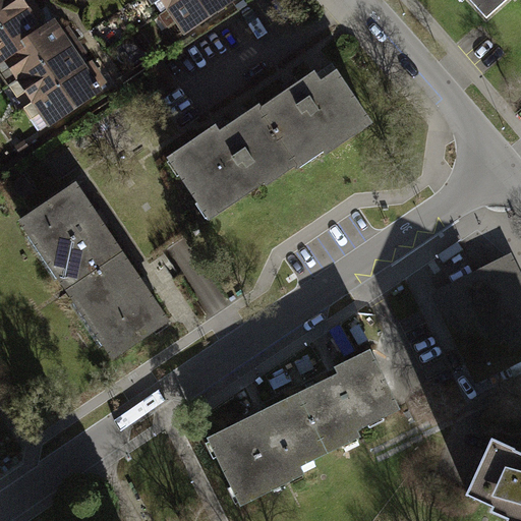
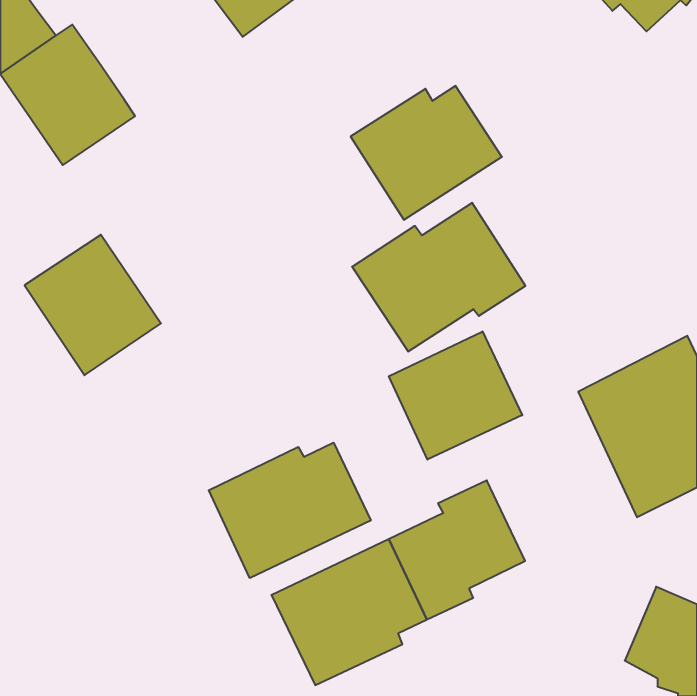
building: [172,102,301,213] -> [352,203,525,351]
building: [63,241,168,349] -> none
building: none -> [389,331,522,460]
building: none -> [209,443,371,578]

